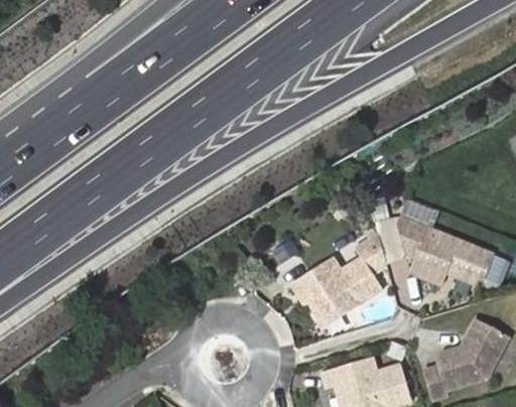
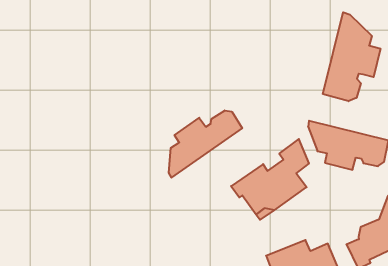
building: none -> [323,12,380,101]
building: none -> [169,110,242,178]

